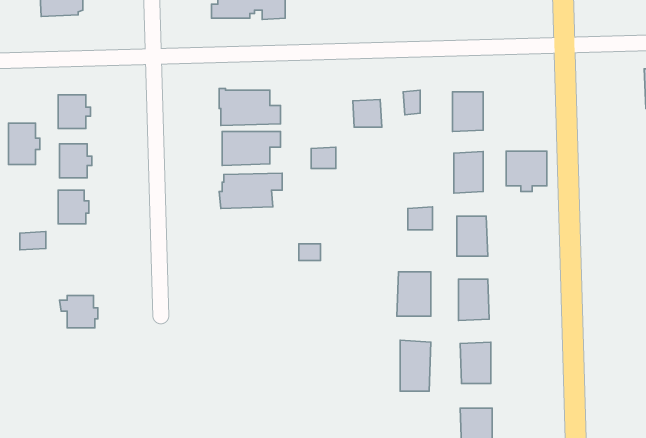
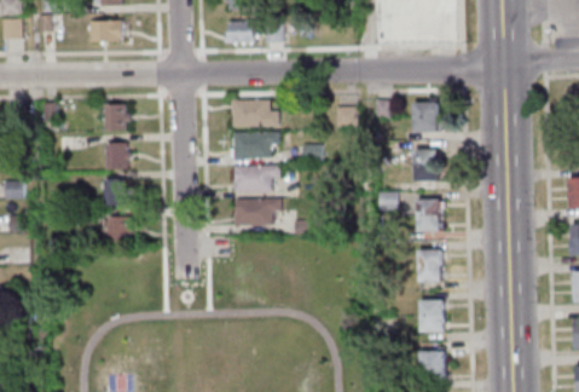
building: [9,123,40,165] -> none
building: [506,151,547,192] -> none
building: none -> [232,197,280,227]
building: [397,272,431,316] -> none
building: [60,296,98,328] -> [102,217,132,242]
building: [400,340,431,391] -> none

